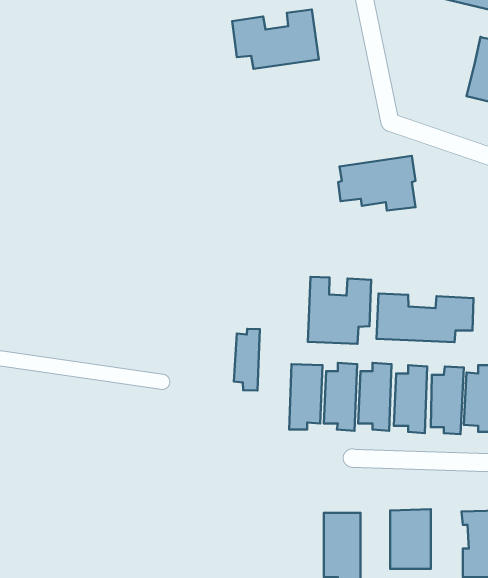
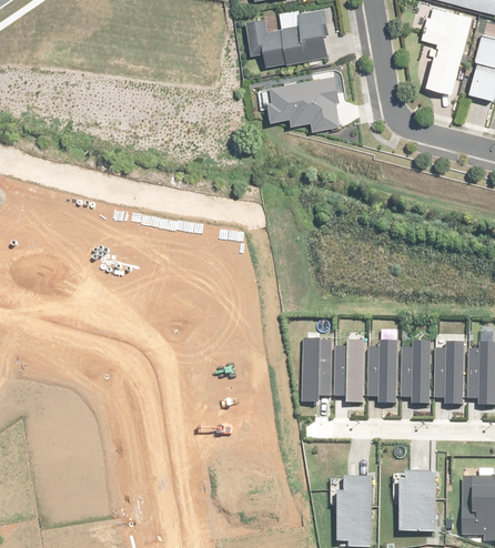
building: none -> [424,9,475,92]
building: [338,156,415,211] -> [265,78,337,129]
building: [308,277,371,344] -> none
building: [377,294,473,342] -> none
building: [234,329,260,391] -> none

